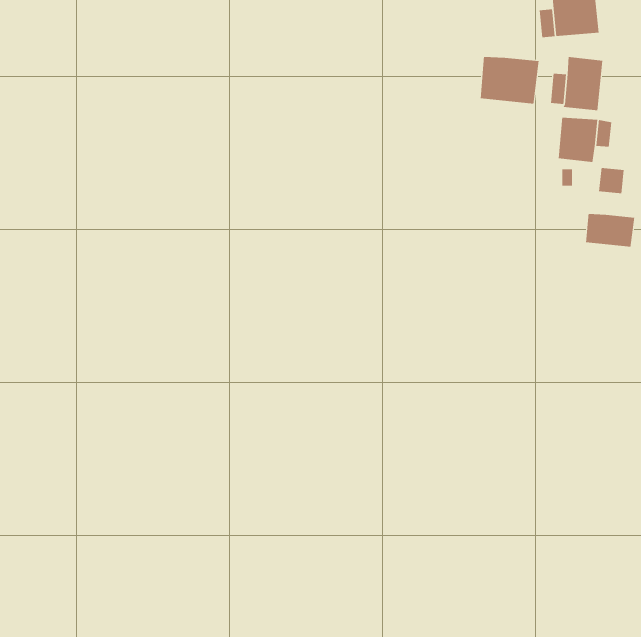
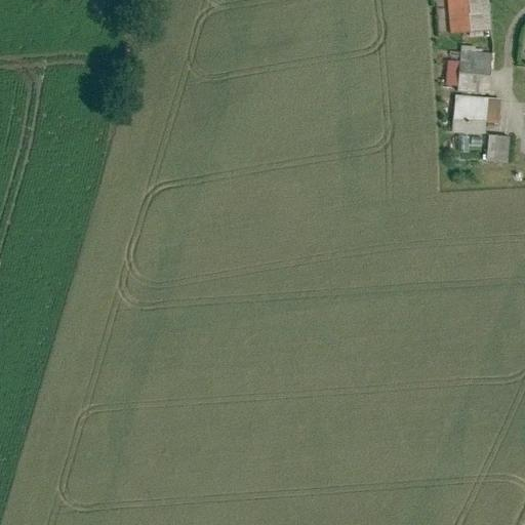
building: [480,56,539,104] -> none
building: [586,213,635,248] -> none

